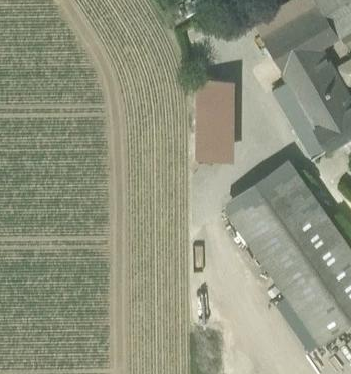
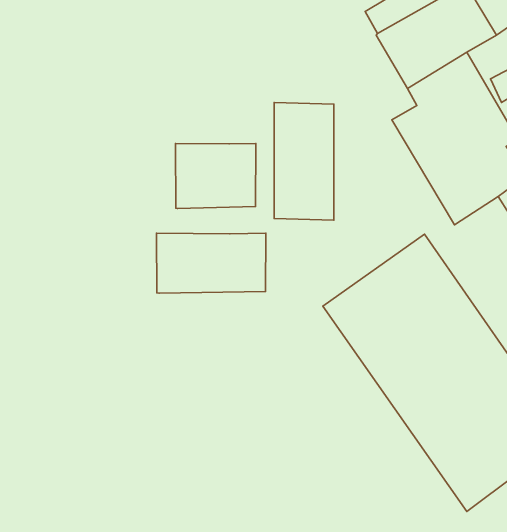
building: none -> [175,143,256,209]
building: none -> [156,233,266,293]

